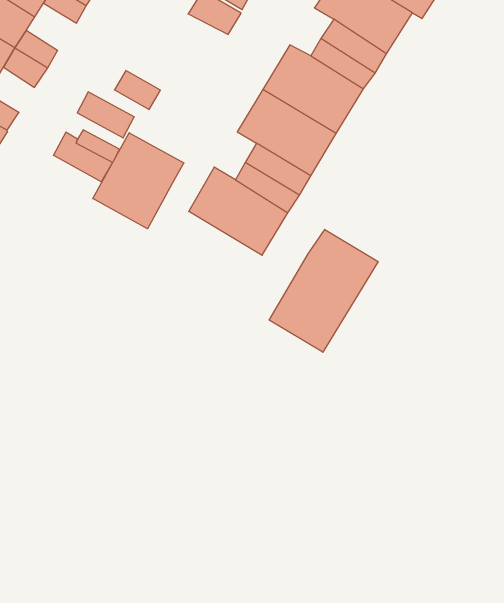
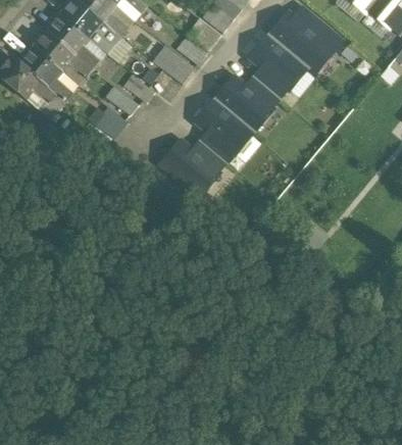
building: none -> [154,46,195,83]
building: [93,133,184,229] -> none
building: [269,229,378,352] -> none

